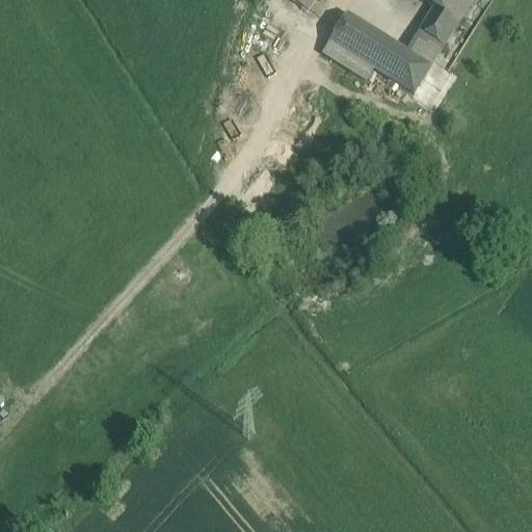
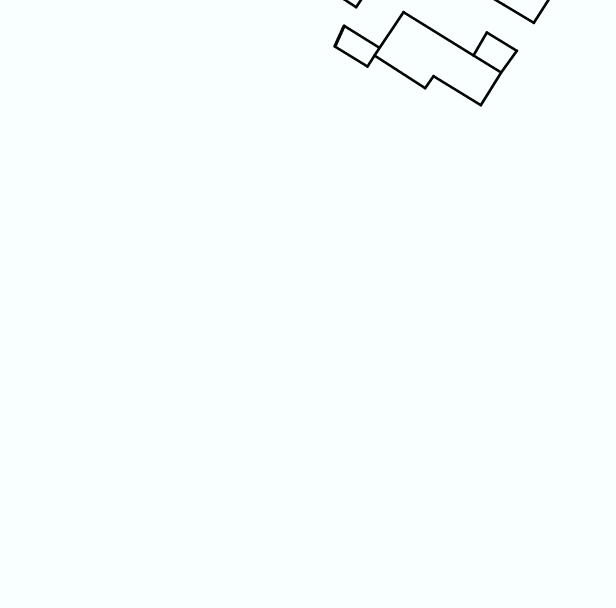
building: [419,4,459,44] -> none
building: none -> [335,26,380,66]

